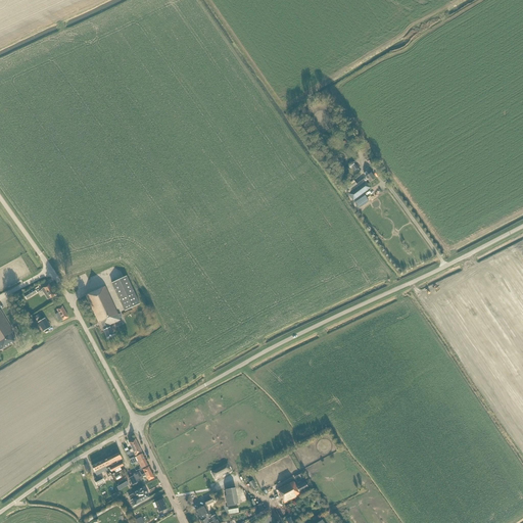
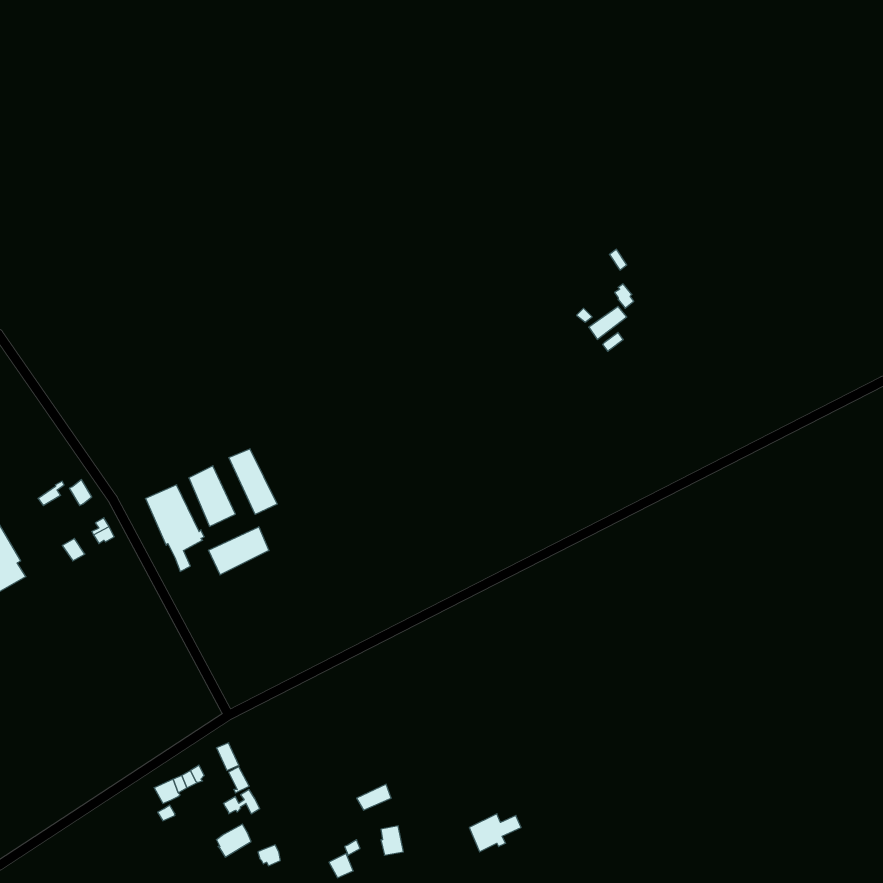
building: none -> [229,449,277,514]
building: none -> [209,527,269,575]

